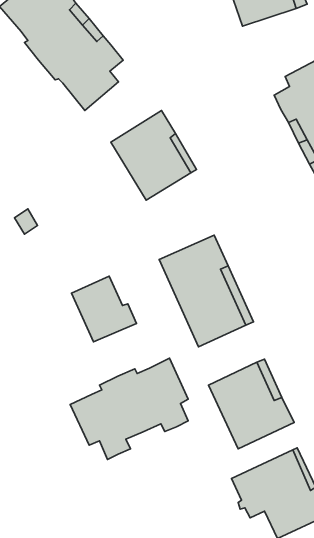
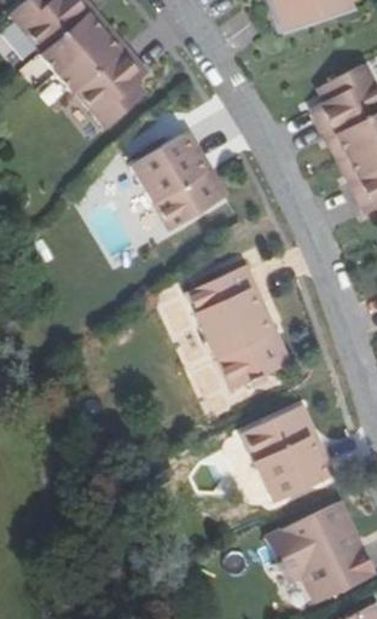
building: [71,276,136,342] -> none
building: [70,358,188,460] -> none

